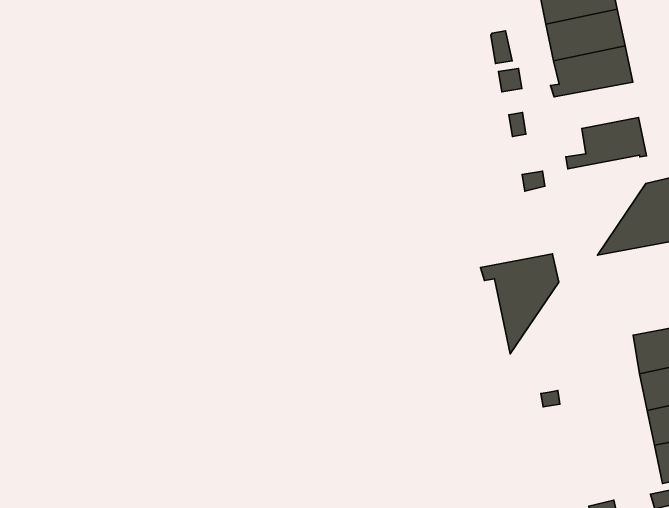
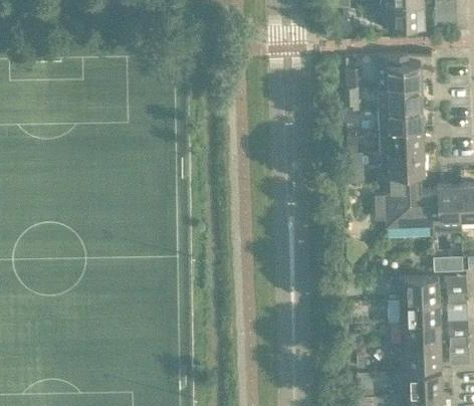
building: none -> [377,131,424,153]
building: [481,254,559,354] -> [378,174,422,228]

